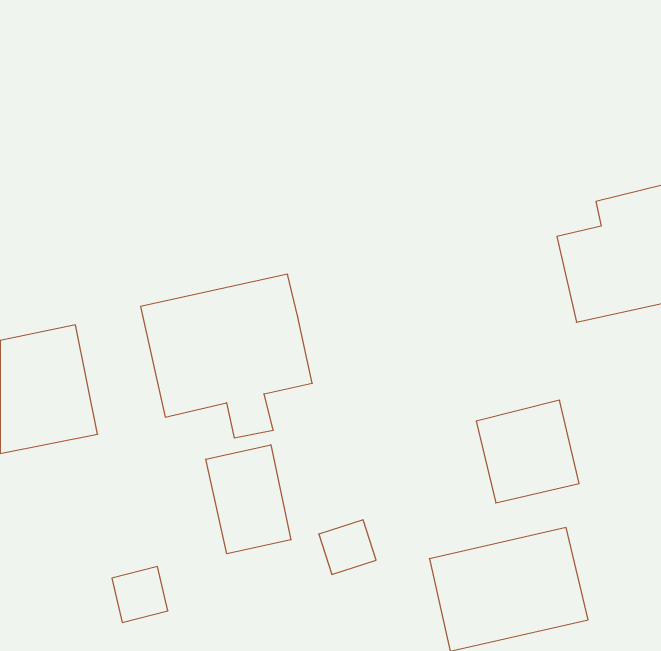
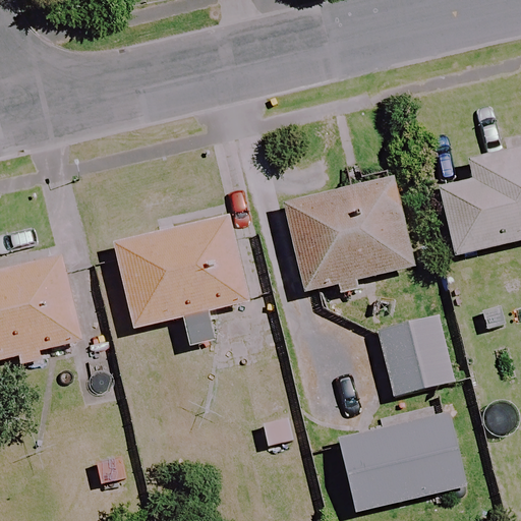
building: none -> [284,176,412,291]
building: [206,445,291,554] -> none

